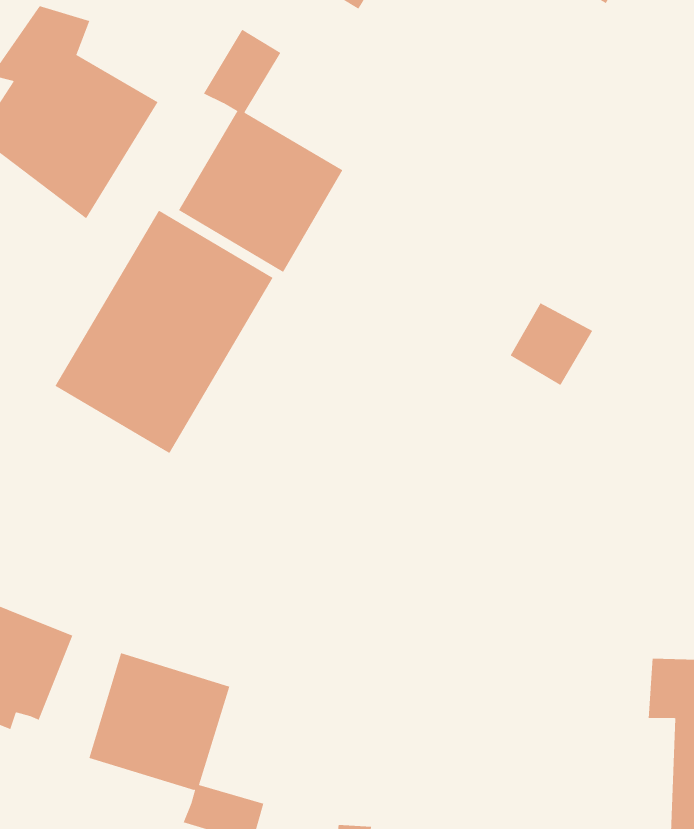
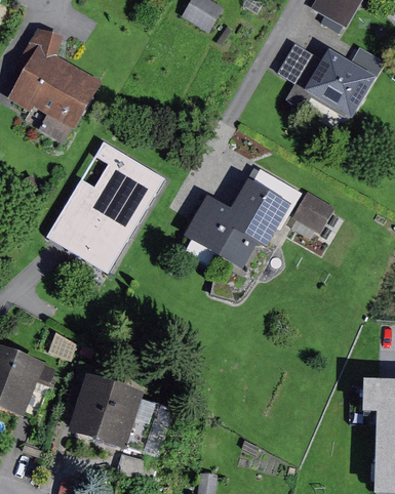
building: [178,29,343,273] -> none
building: none -> [279,42,376,120]
building: none -> [182,166,302,270]

